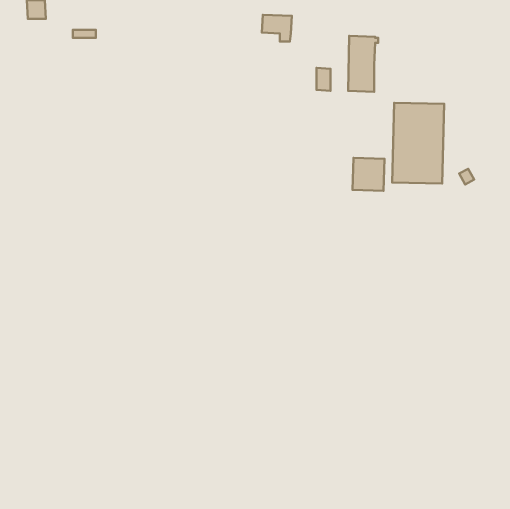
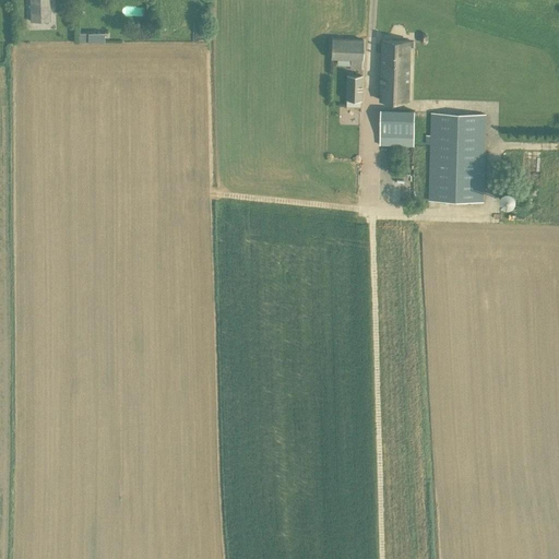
building: [262,15,292,42] -> [331,39,364,69]
building: [353,158,384,191] -> [380,110,415,146]

